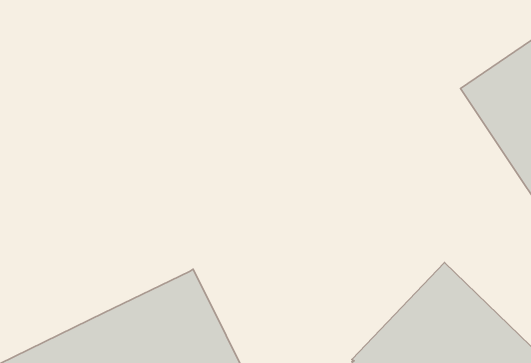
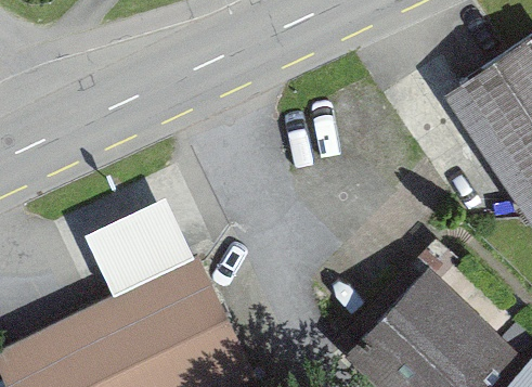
building: none -> [86,207,195,306]

